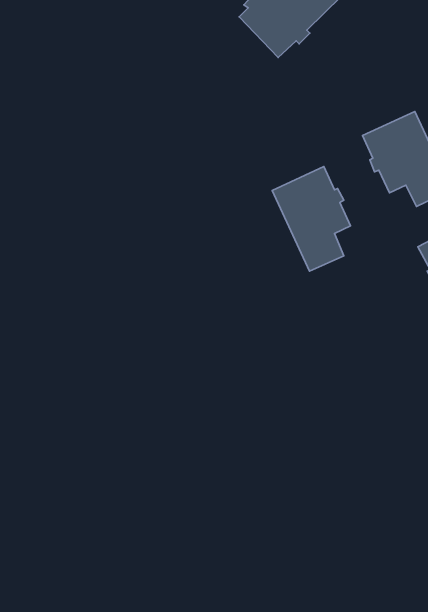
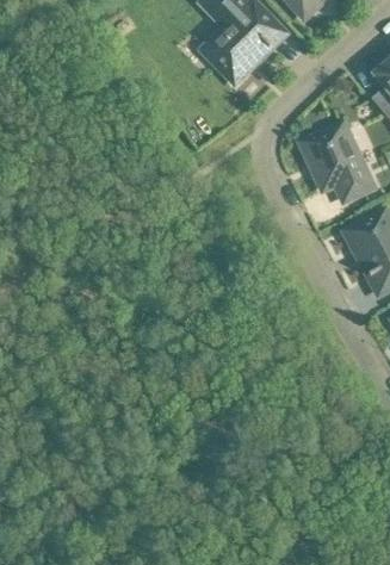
building: [272,166,350,271] -> none

